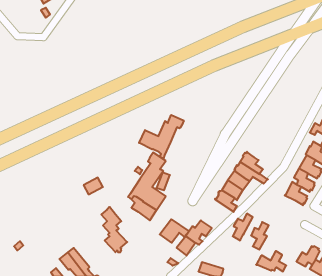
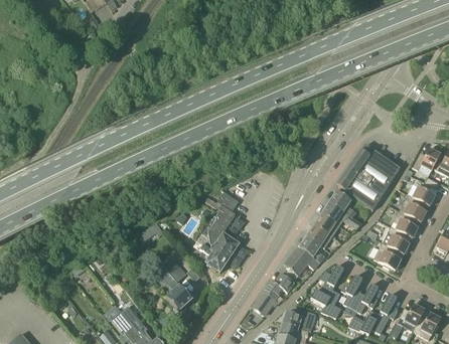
building: none -> [336,144,401,210]
building: [139,115,184,158] -> none
building: none -> [375,242,402,271]
building: [160,219,189,243] -> [285,247,320,276]
building: none -> [352,284,379,313]
building: none -> [311,289,342,318]
building: none -> [376,294,399,327]
building: none -> [283,307,316,332]

